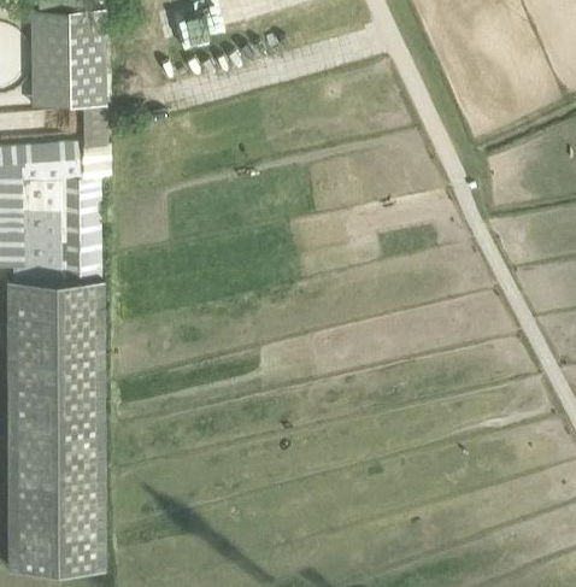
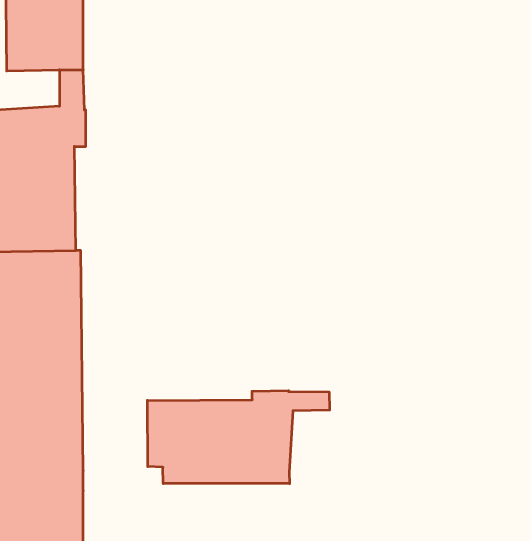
building: none -> [147,391,330,484]

